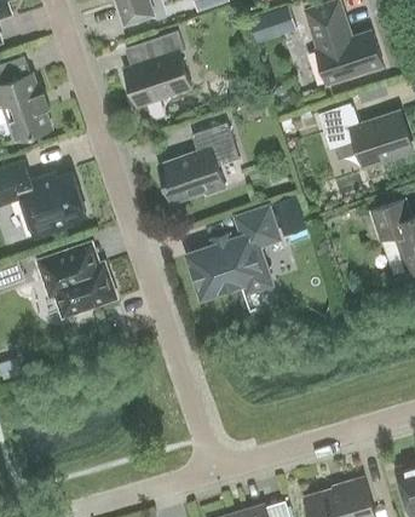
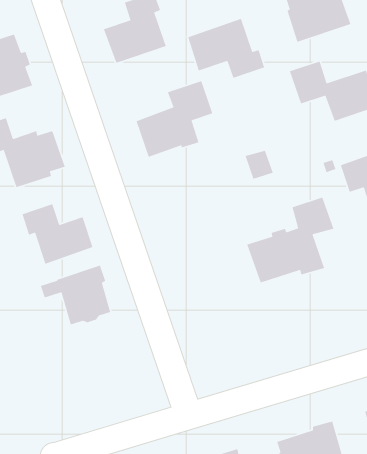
building: none -> [187,18,265,79]
building: [189,206,281,297] -> [246,197,334,284]
building: none -> [40,265,111,326]

